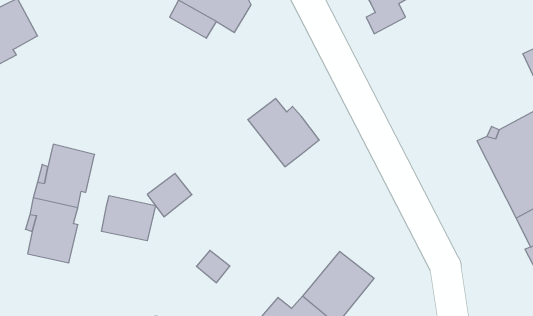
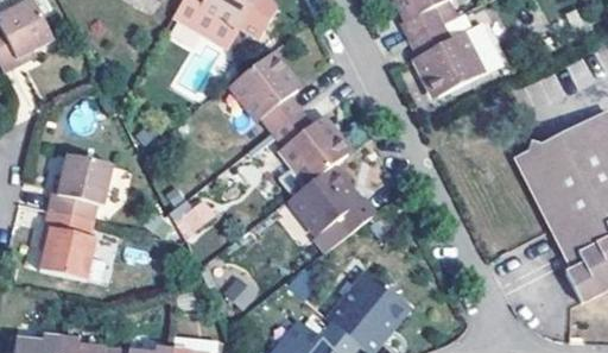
building: none -> [406,21,499,97]
building: none -> [233,52,302,131]
building: none -> [292,166,378,244]
building: [101,196,155,241] -> none

